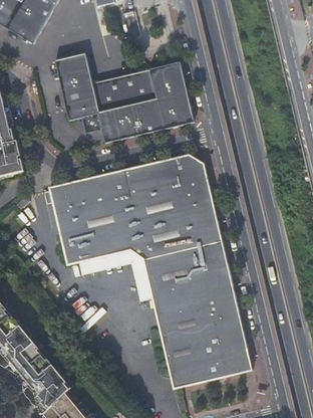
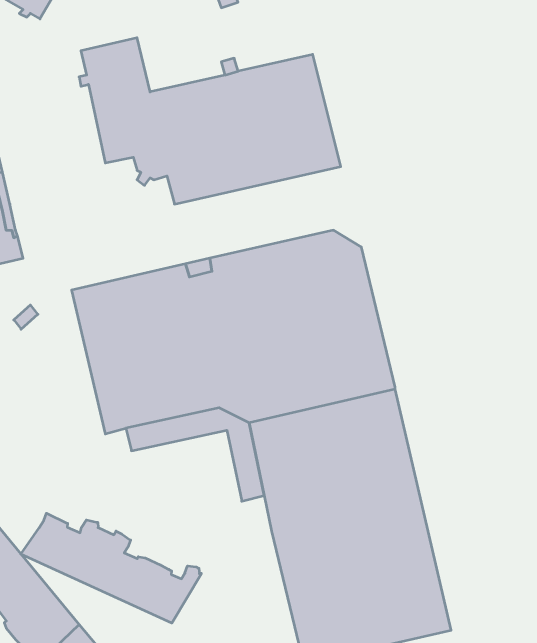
building: none -> [21,513,201,623]

